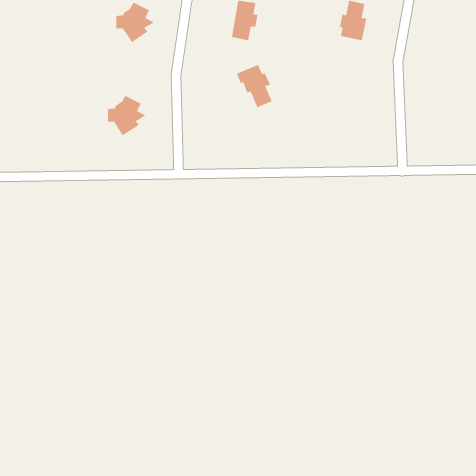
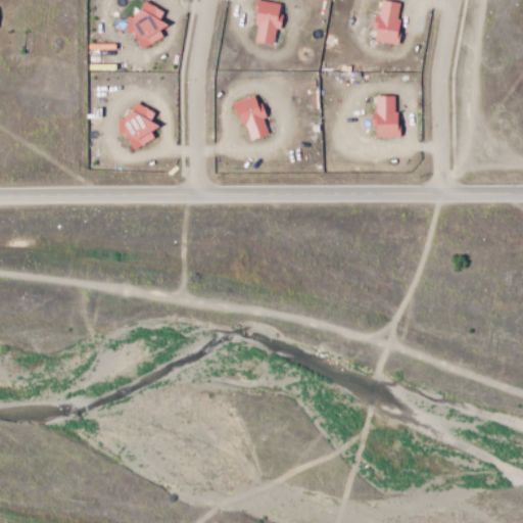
building: [236,64,273,108] -> [230,94,270,142]
building: none -> [371,96,400,137]

